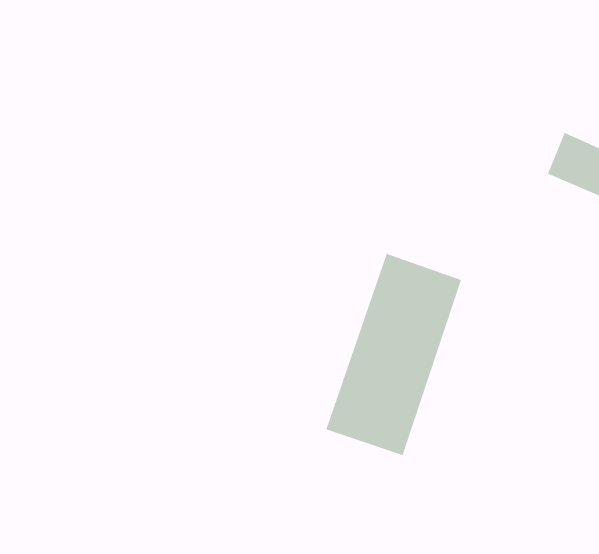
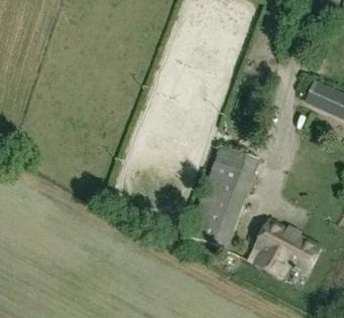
building: none -> [254,218,320,277]

